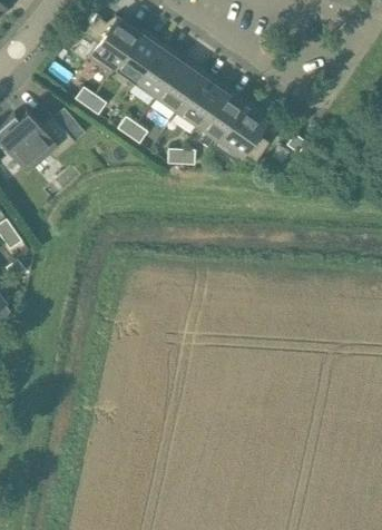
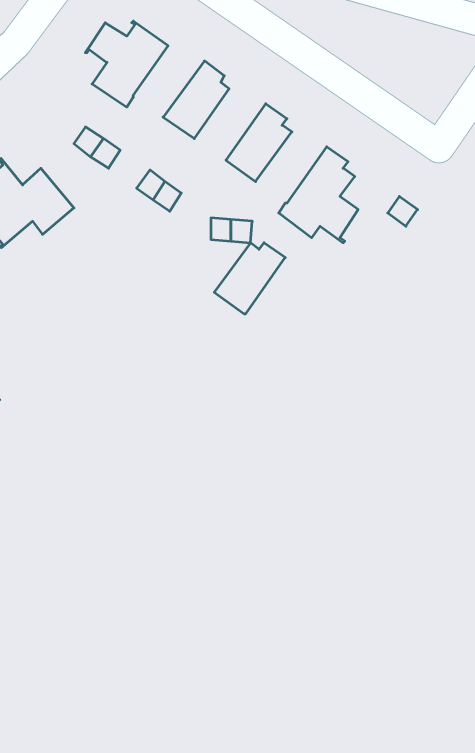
building: [115,32,163,80] -> none
building: [156,61,204,109] -> none
building: [197,90,245,138] -> [214,243,285,314]

